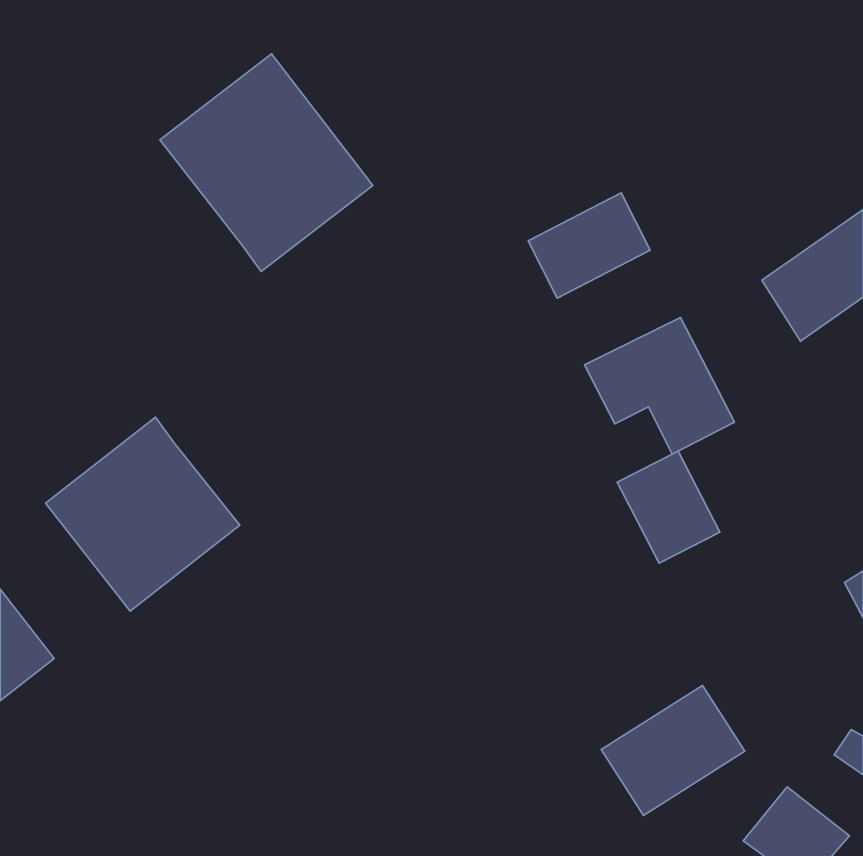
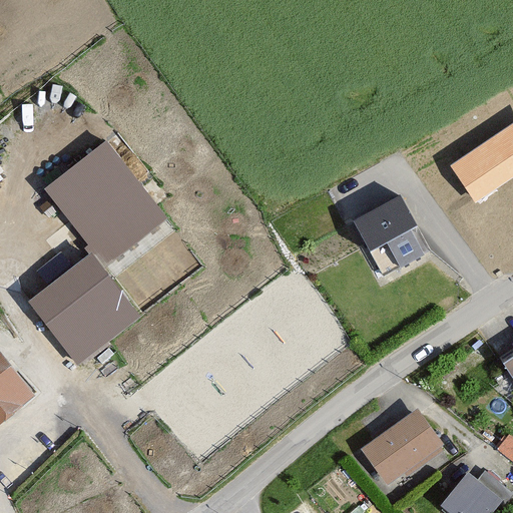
building: [160,54,373,272] -> [43,137,169,267]
building: [528,193,650,298] -> none
building: [617,451,720,563] -> none

